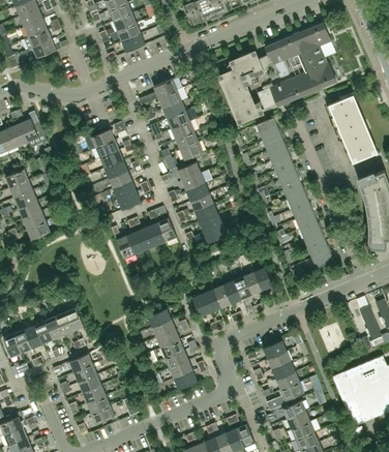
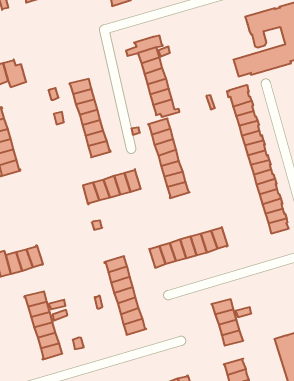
building: [217,51,270,124] -> none
building: [266,382,303,410] -> none

